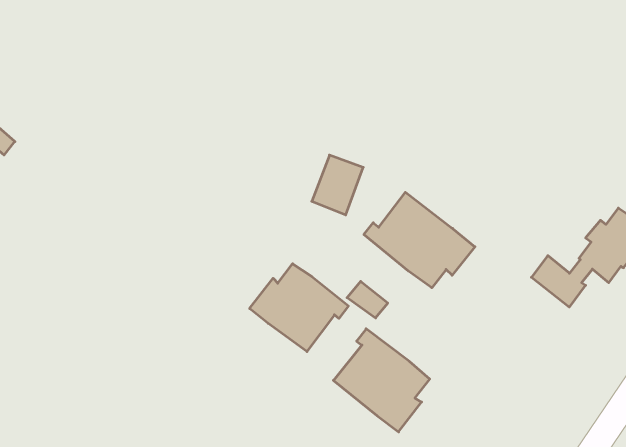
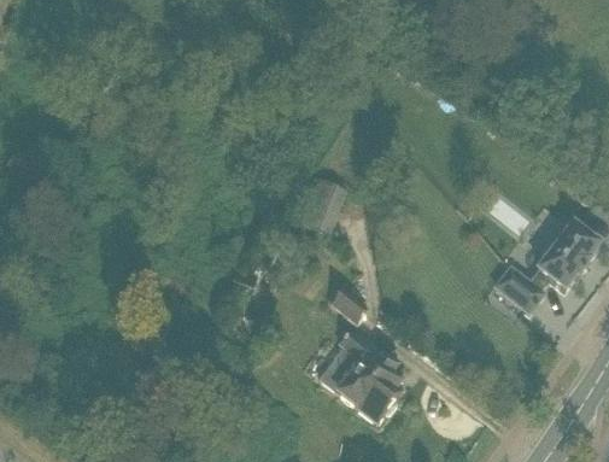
building: [364,192,475,288] -> none
building: [250,264,348,352] -> none

